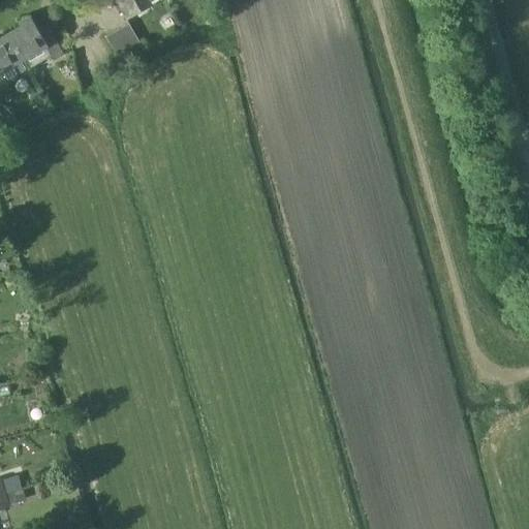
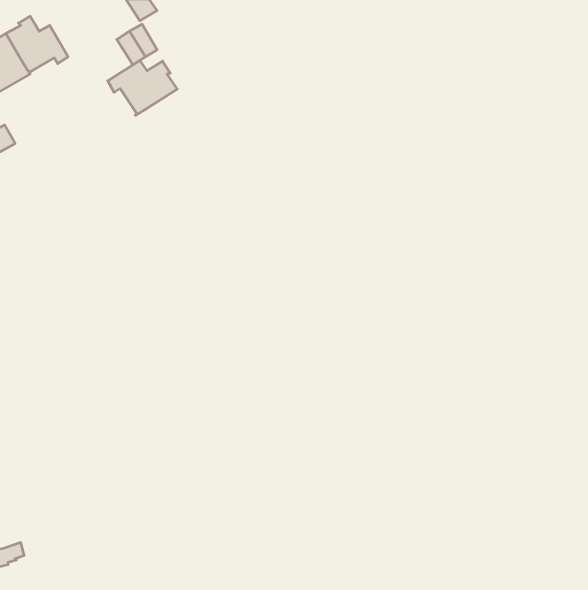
building: none -> [108,60,177,115]

